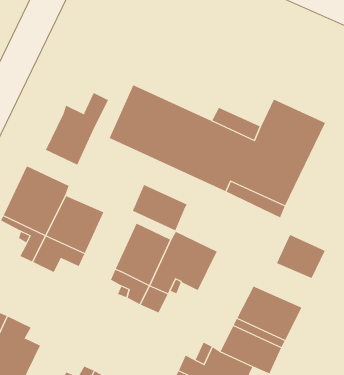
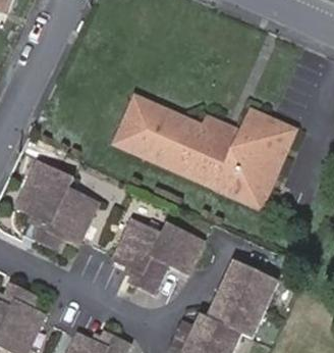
building: [45,92,109,166] -> none
building: [132,184,187,231] -> none
building: [276,234,326,279] -> none

